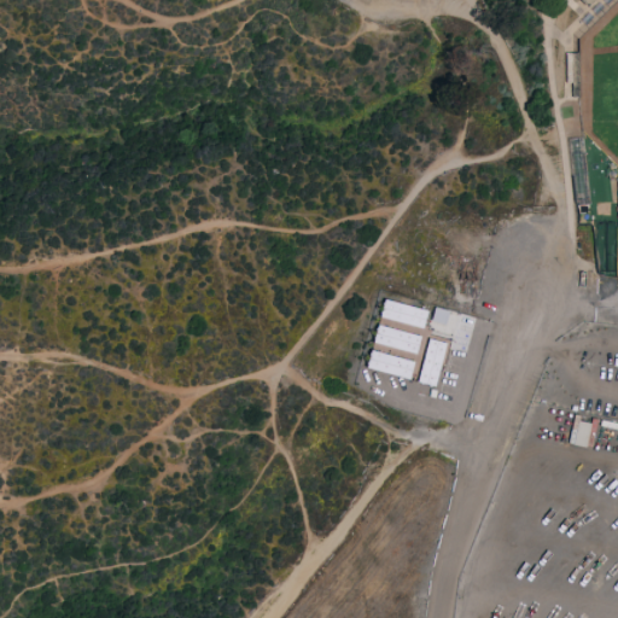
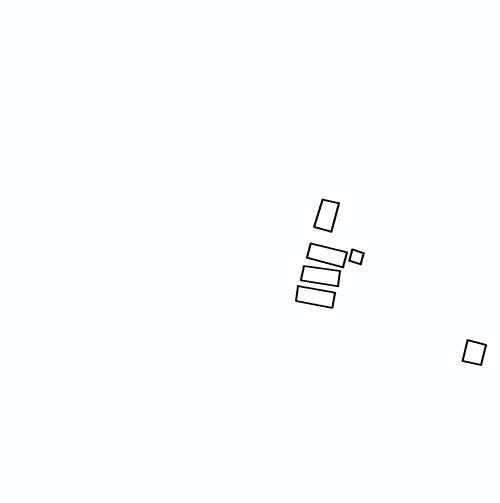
building: none -> [314,199,339,232]
building: [419,338,448,386] -> none

